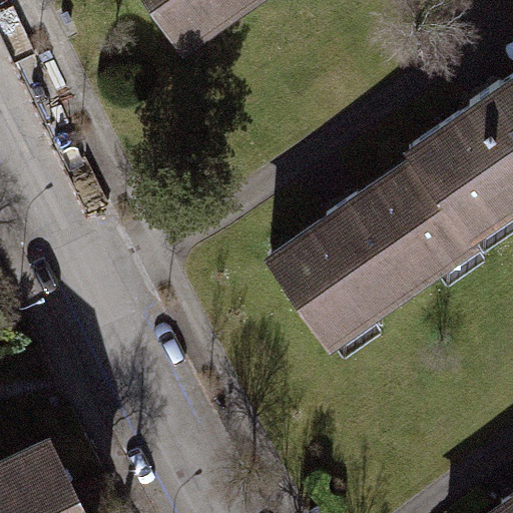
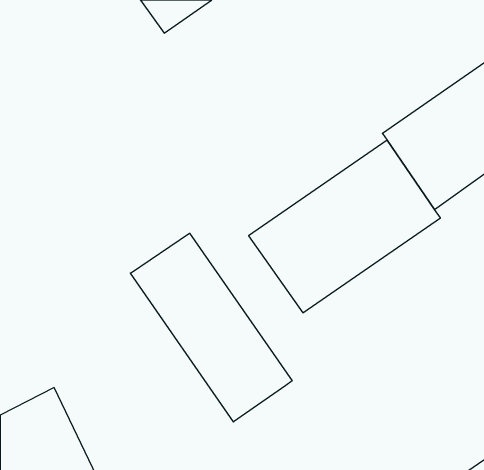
building: none -> [130,233,292,422]

